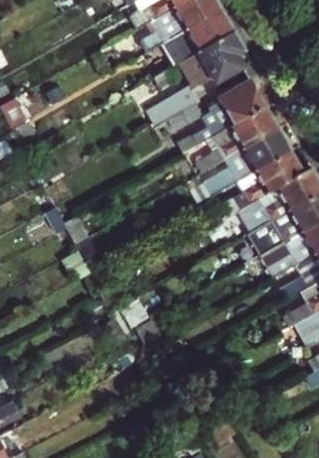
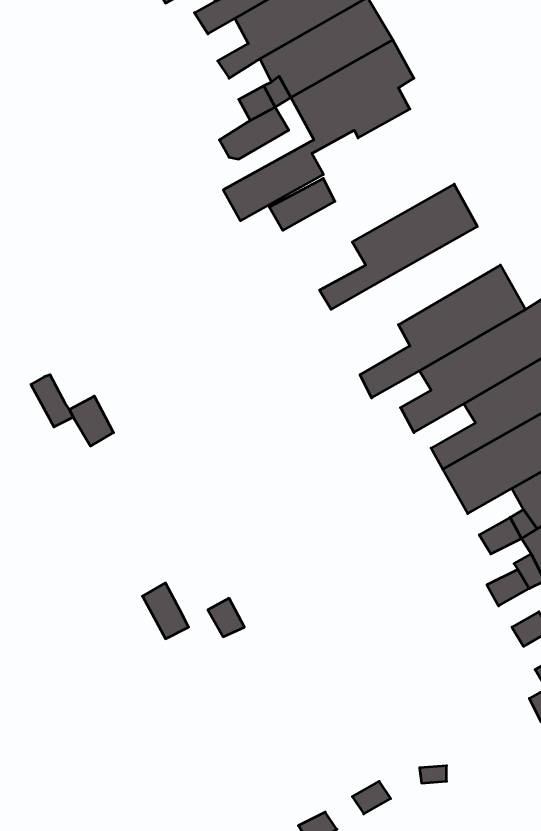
building: [178,79,267,152] -> none
building: [204,128,291,195] -> none

